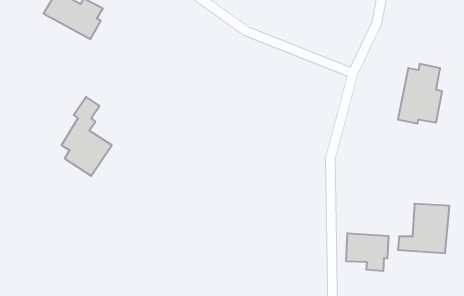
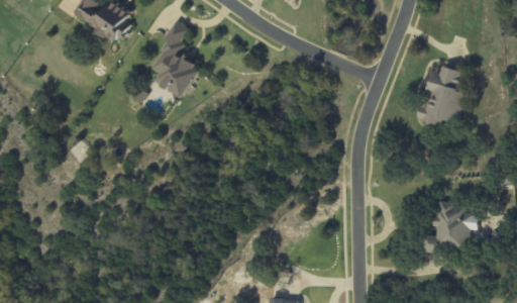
building: [61,97,112,176] -> [151,19,201,97]
building: [346,233,389,271] -> none

